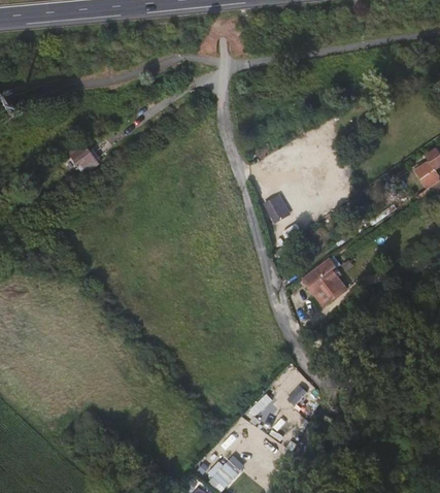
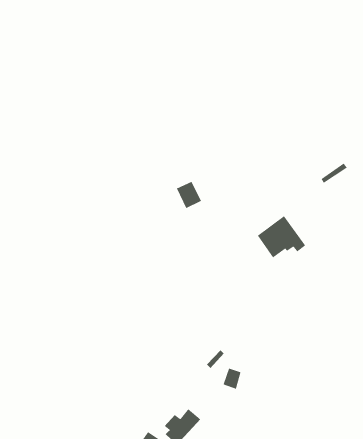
building: [69,143,99,175] -> none
building: [264,195,291,224] -> [176,181,202,209]

